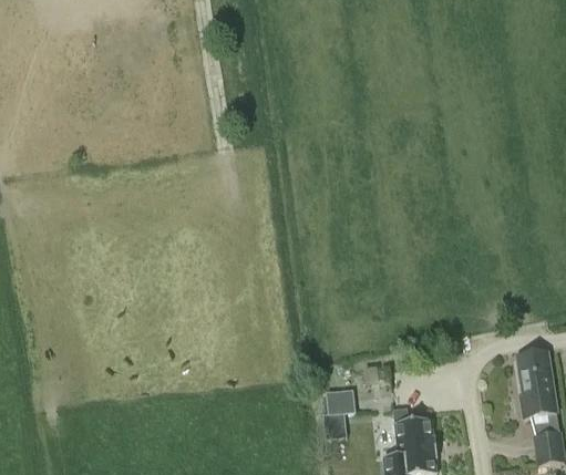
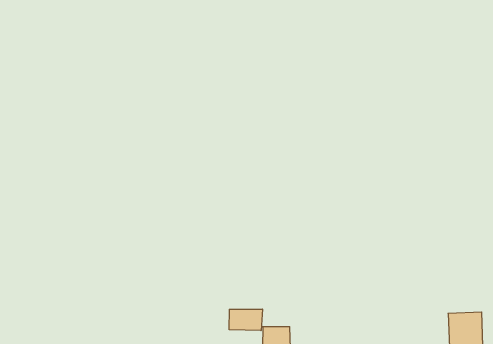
building: none -> [229,309,262,331]

